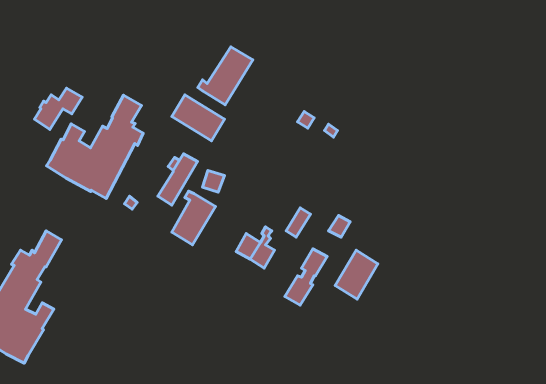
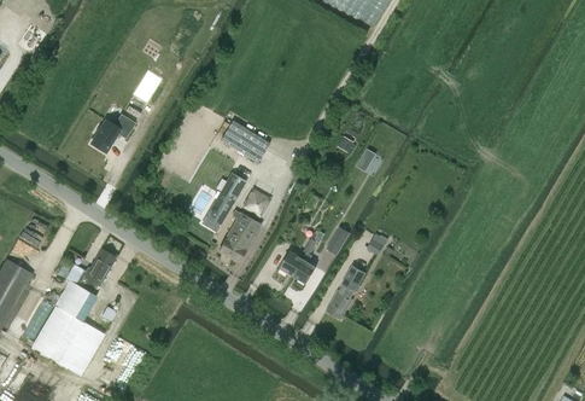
building: [198,47,253,105] -> none
building: [46,95,143,198] -> none
building: [335,250,378,299] -> none

